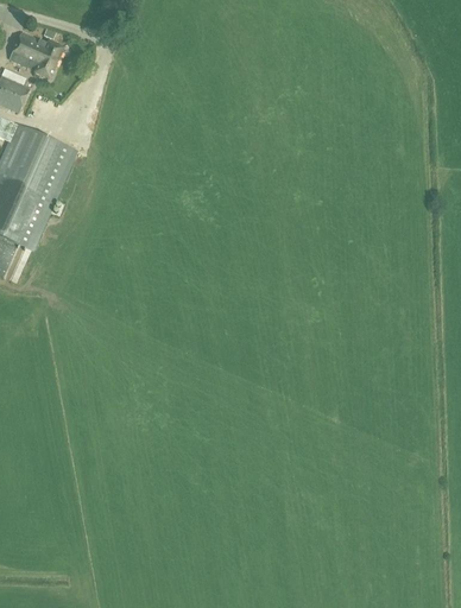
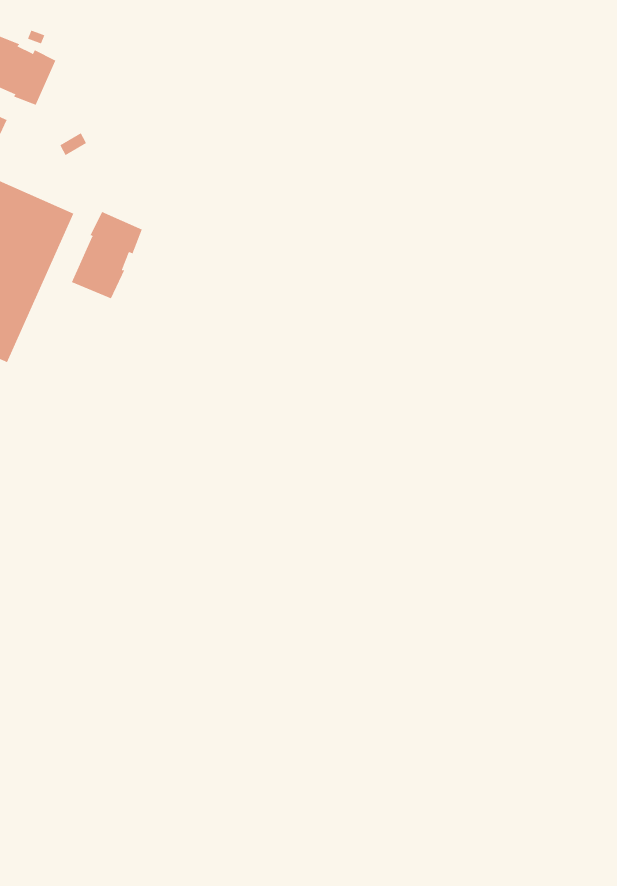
building: none -> [71,211,143,299]

